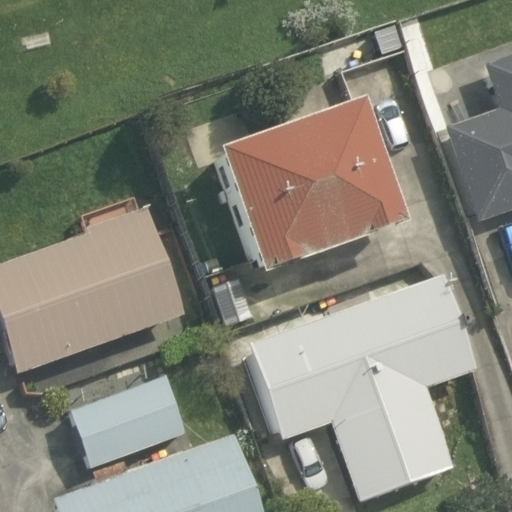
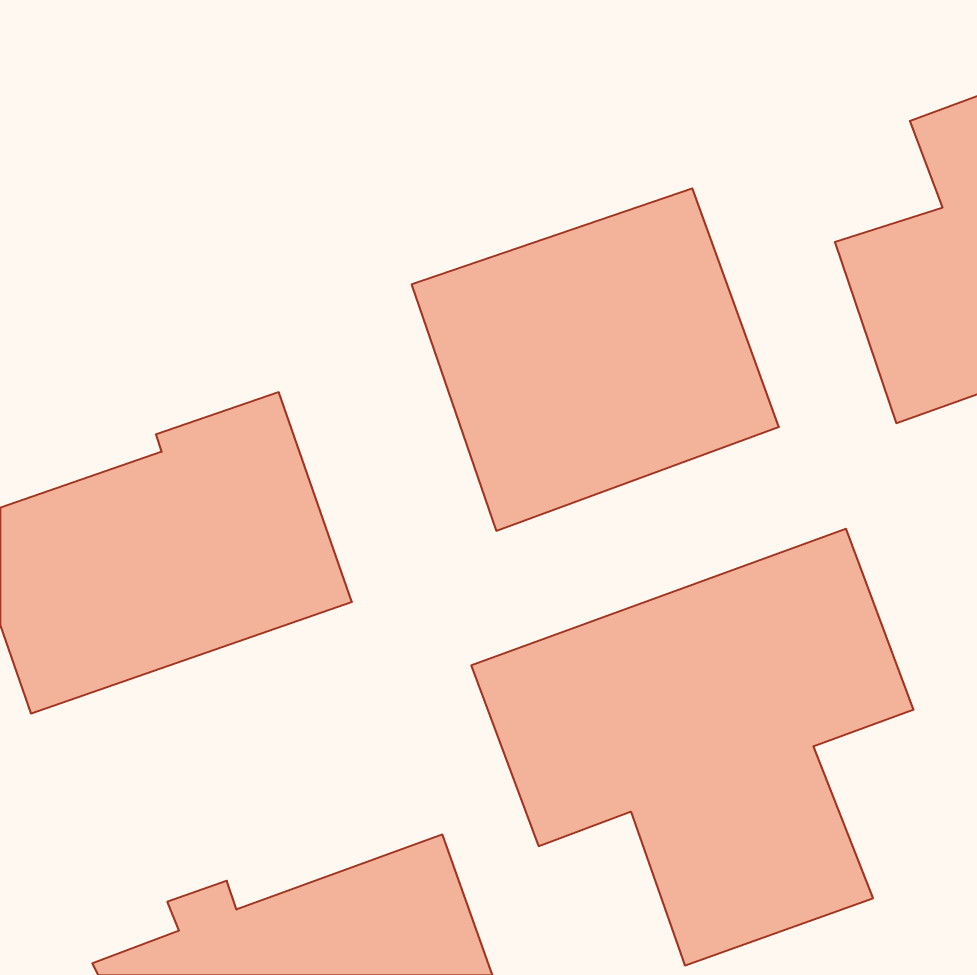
building: [68,374,187,469] -> none

